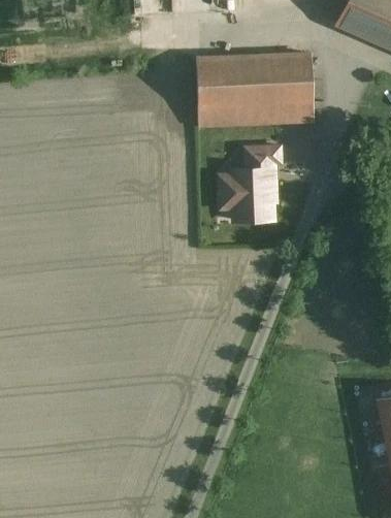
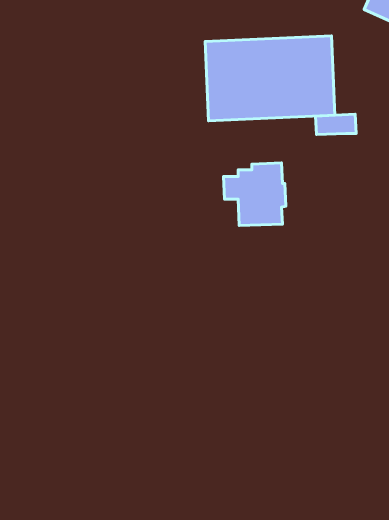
building: [237,149,274,167] -> [315,114,356,135]

